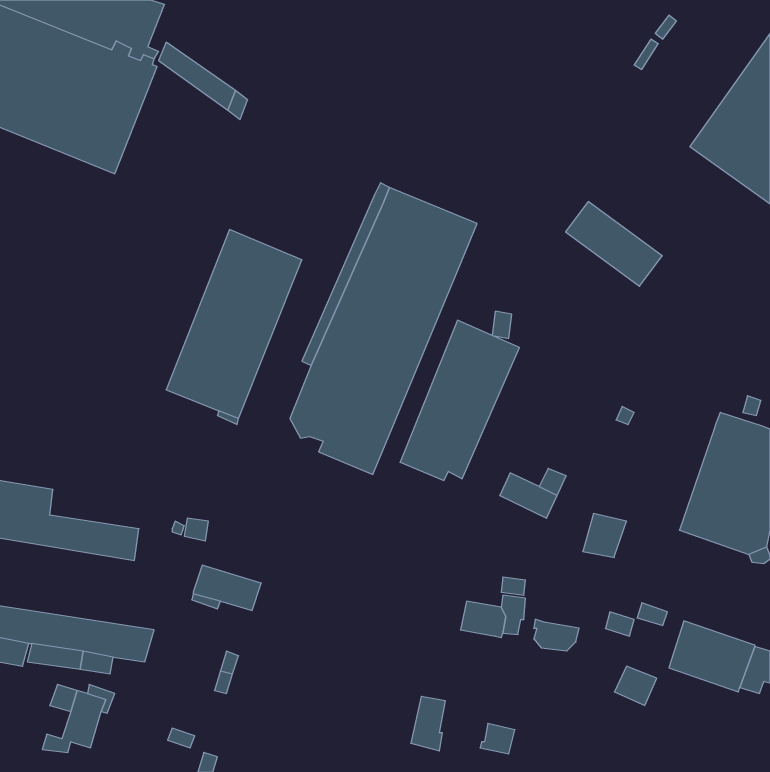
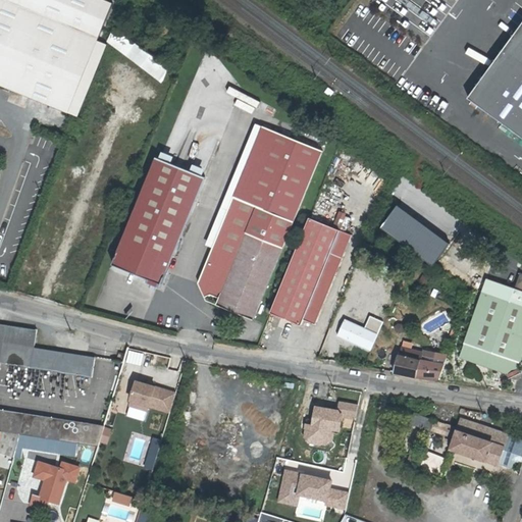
building: [566,202,662,286] -> [382,207,448,264]
building: none -> [415,350,447,375]
building: [534,619,579,651] -> [304,423,334,445]
building: none -> [297,473,331,501]

